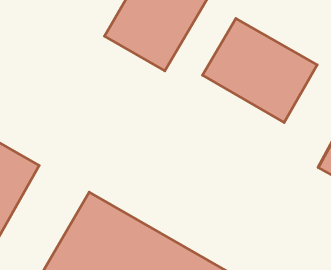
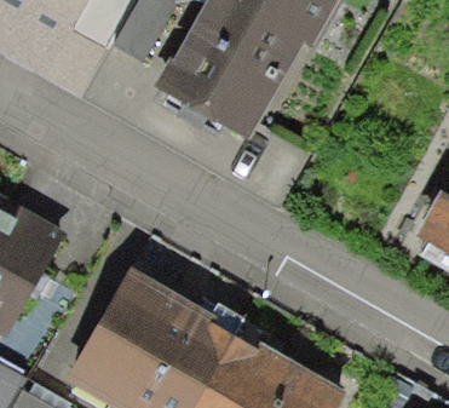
building: [202,18,317,122] -> none

